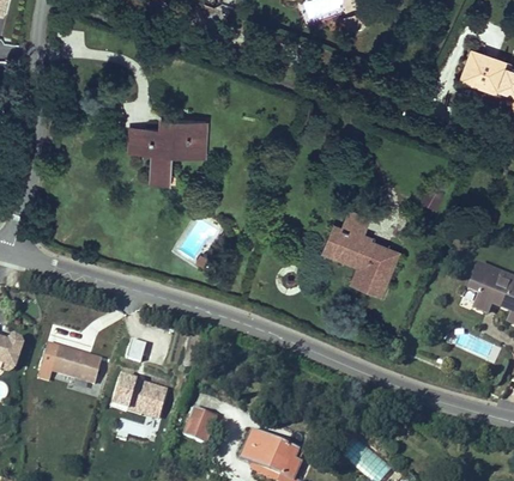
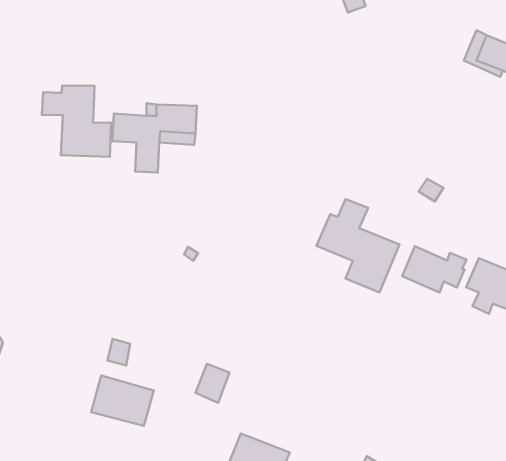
building: none -> [42,85,111,157]
building: none -> [402,246,466,293]
building: [35,343,101,385] -> none
building: [181,409,213,446] -> [196,364,230,403]

